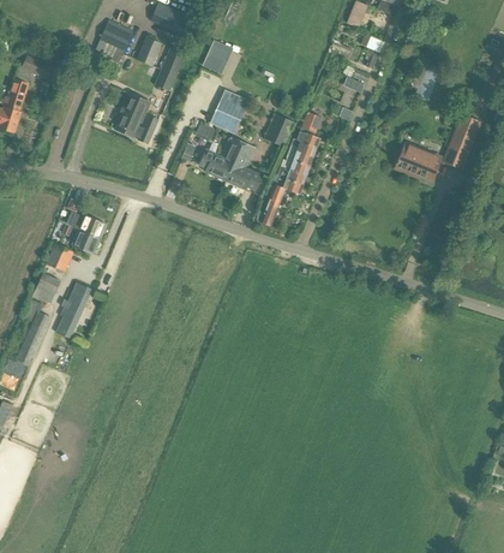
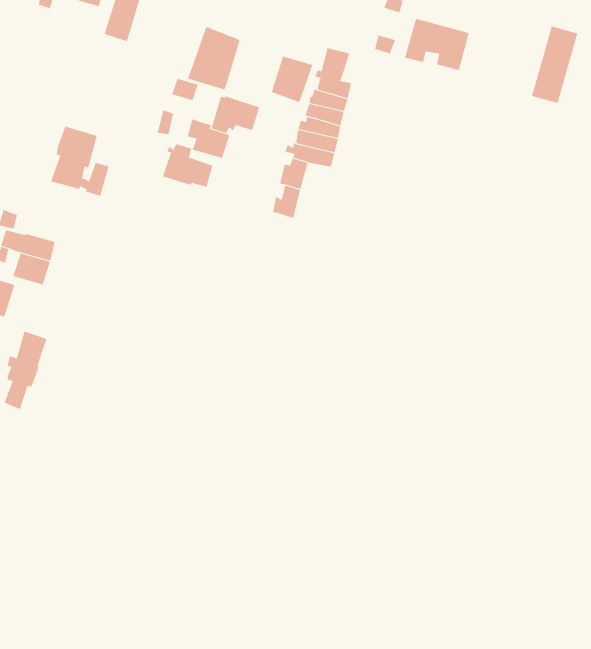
building: [114,93,156,144] -> [50,126,110,197]
building: [395,142,442,182] -> [404,18,469,71]
building: [226,159,262,191] -> [162,143,213,187]

